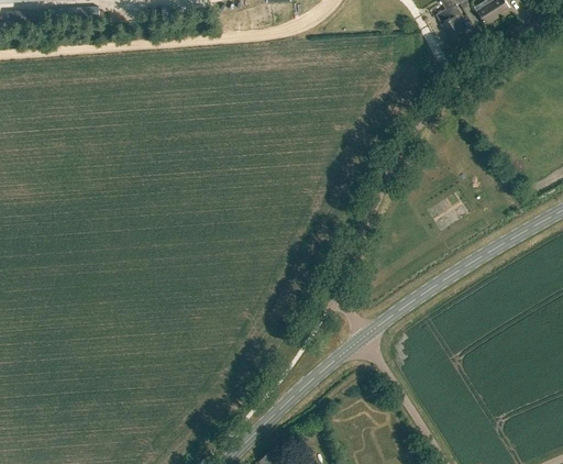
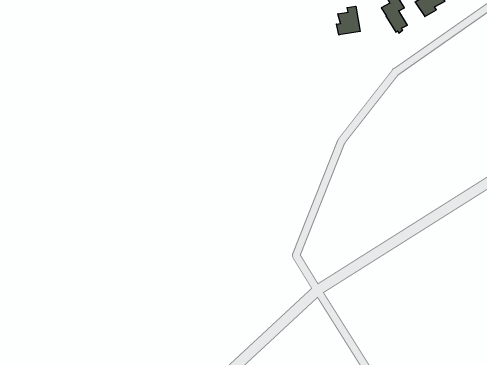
building: none -> [336,6,360,35]

